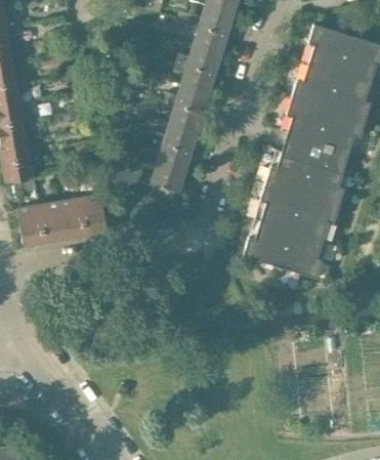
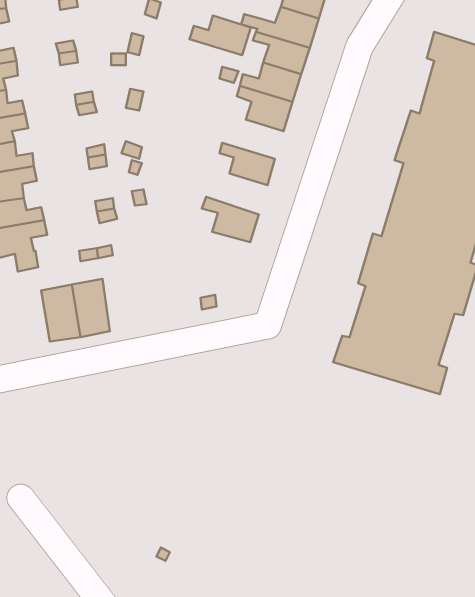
building: [165,86,208,114] -> [190,16,251,55]
building: [154,124,197,153] -> none
building: [141,165,184,192] -> none
building: [81,195,108,235] -> none
building: [16,206,44,246] -> none

